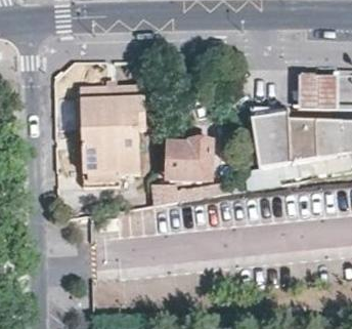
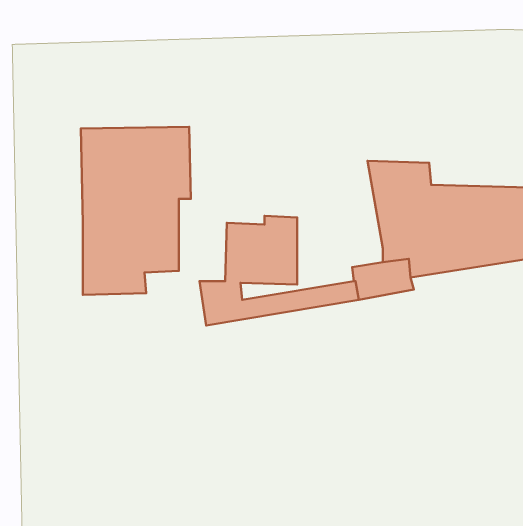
building: [298,72,339,108] -> none

